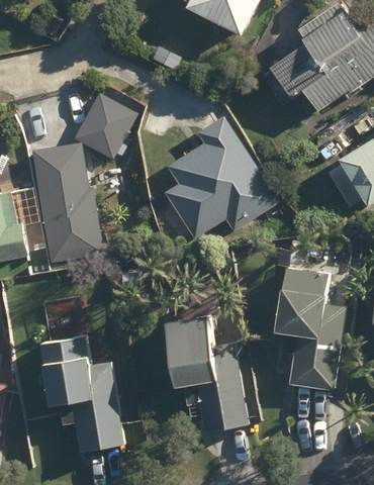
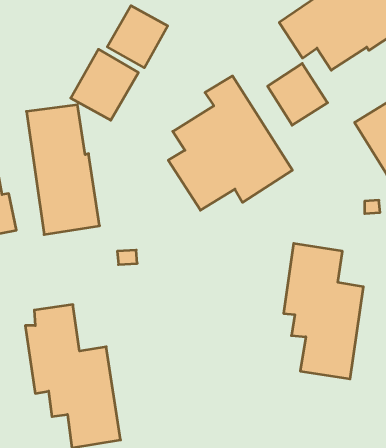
building: none -> [107,6,168,68]
building: none -> [268,63,328,125]
building: [161,305,249,431] -> none

